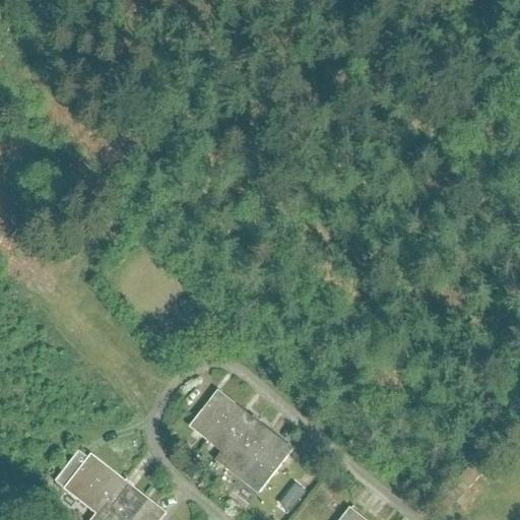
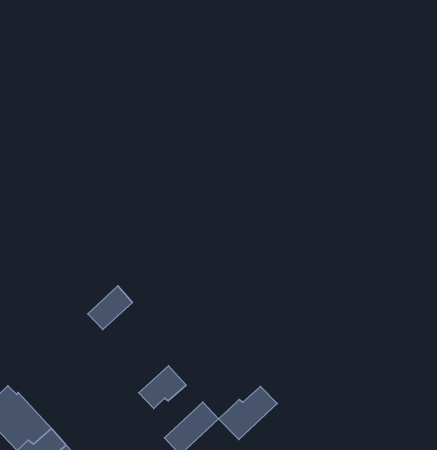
building: [192,391,235,437] -> [88,286,133,330]
building: [218,421,274,477] -> [219,387,277,439]

